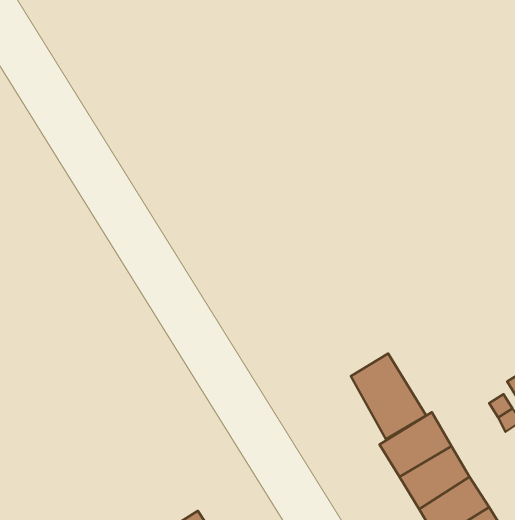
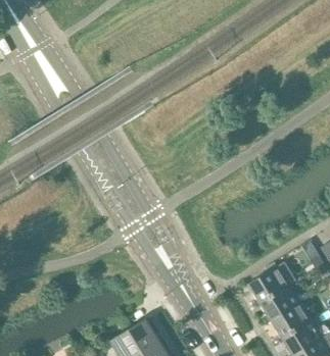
building: [351,354,426,439] -> none

